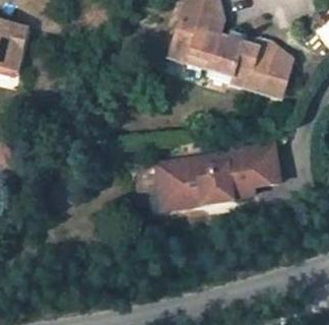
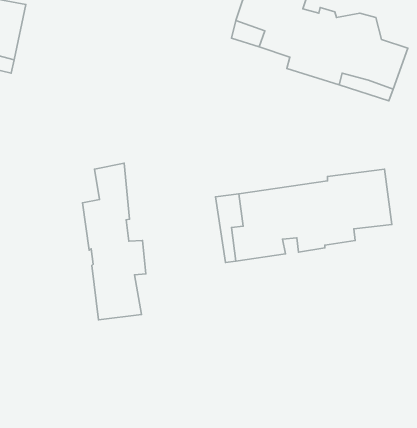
building: none -> [82,163,146,320]

